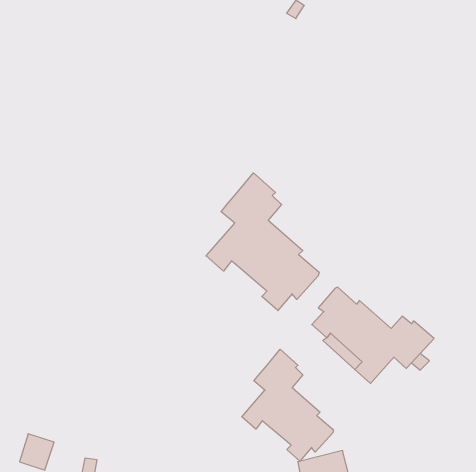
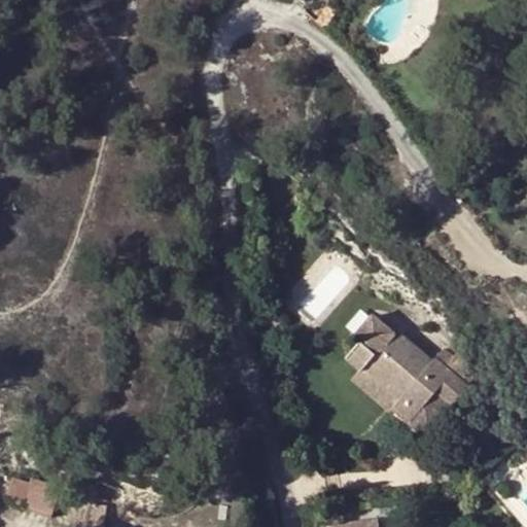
building: [206,173,319,311] -> none
building: [242,349,334,461] -> none

